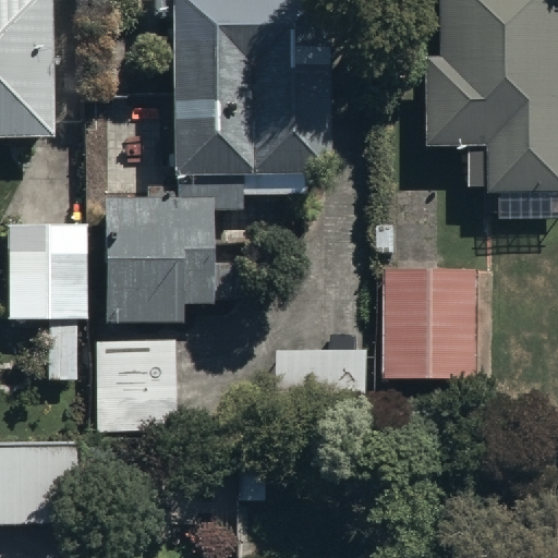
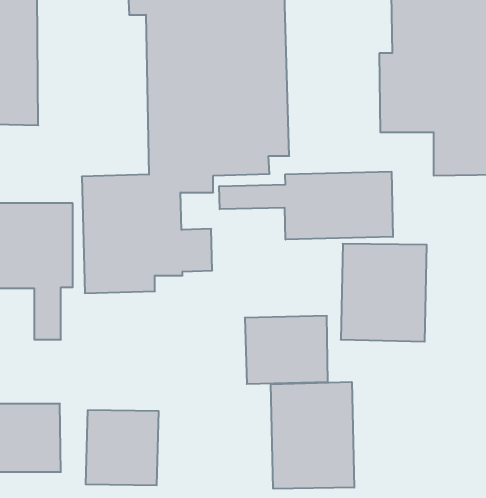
building: none -> [219,172,393,240]
building: [92,341,172,424] -> [86,410,159,485]
building: none -> [271,382,354,489]

